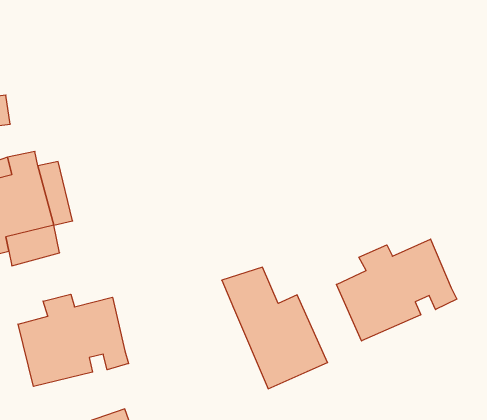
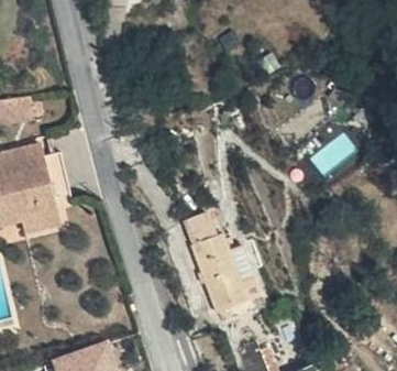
building: [336,239,457,341] -> none
building: [18,294,129,386] -> none

